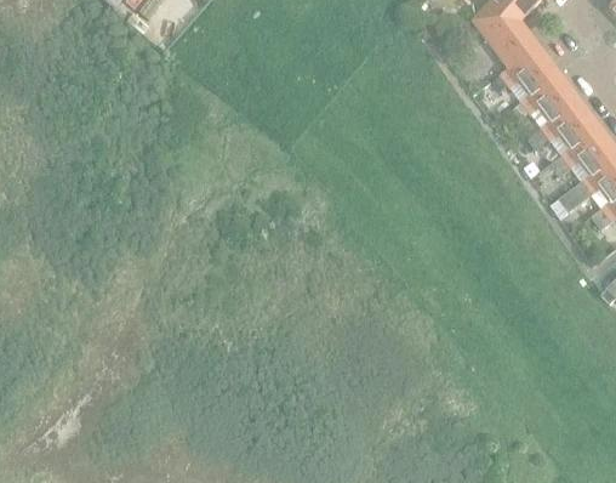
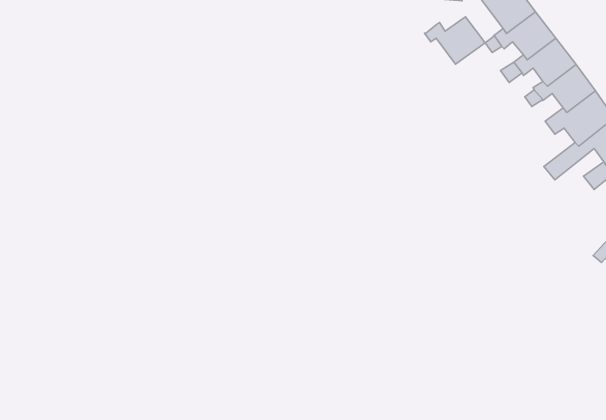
building: none -> [424,17,485,64]

